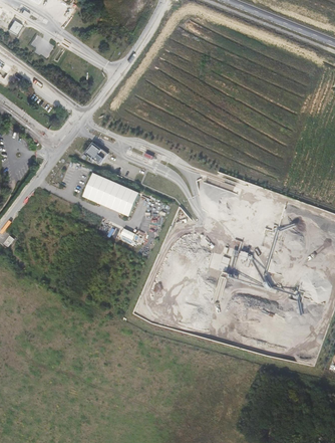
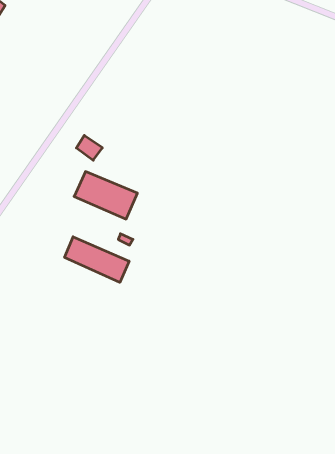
building: none -> [65,237,129,282]

